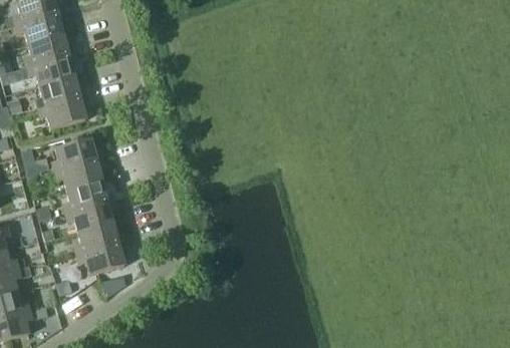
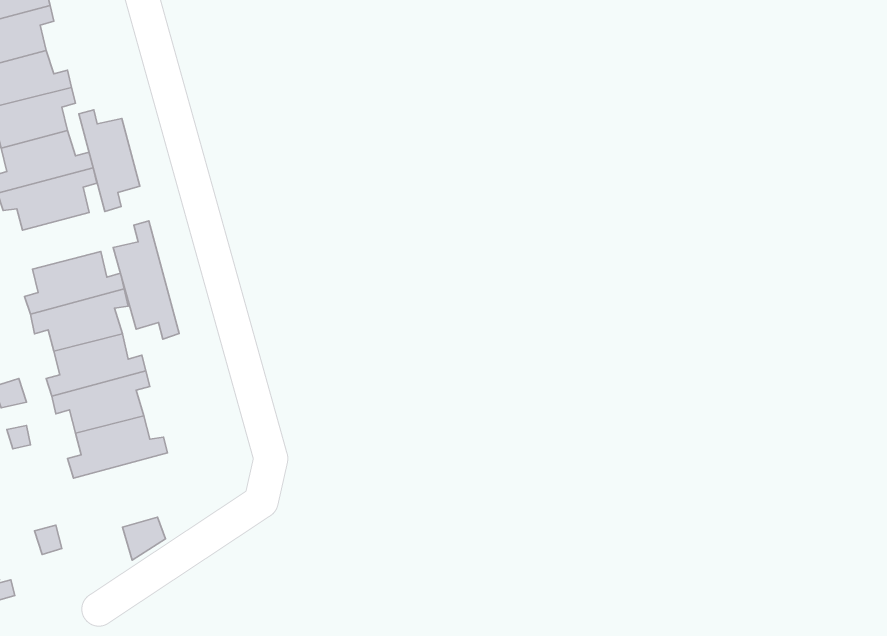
building: none -> [79,110,140,212]
building: none -> [113,221,179,339]
building: [75,242,125,274] -> none

